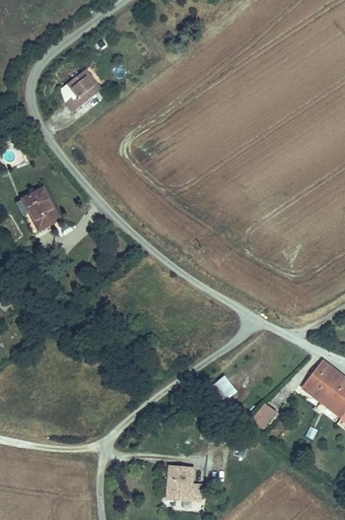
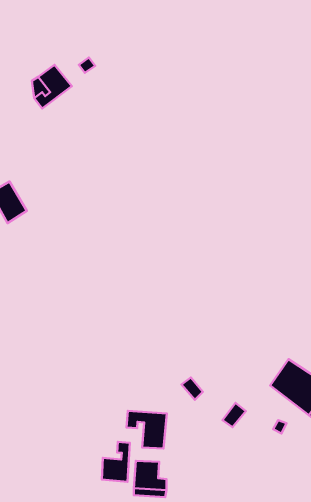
building: none -> [126,411,167,449]
building: none -> [102,442,130,482]

